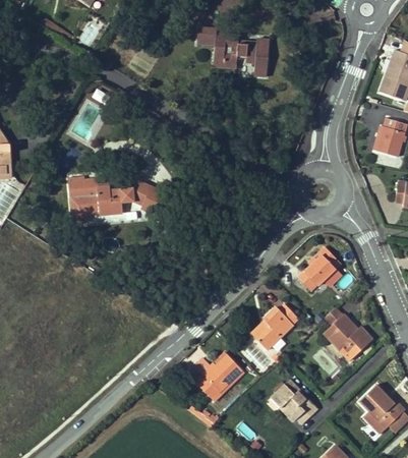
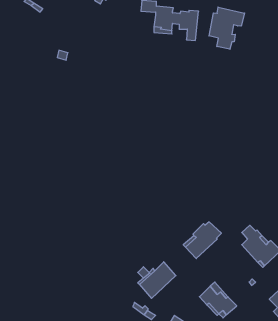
building: none -> [209,7,245,49]
building: [69,177,162,221] -> none
building: [298,246,337,288] -> none

